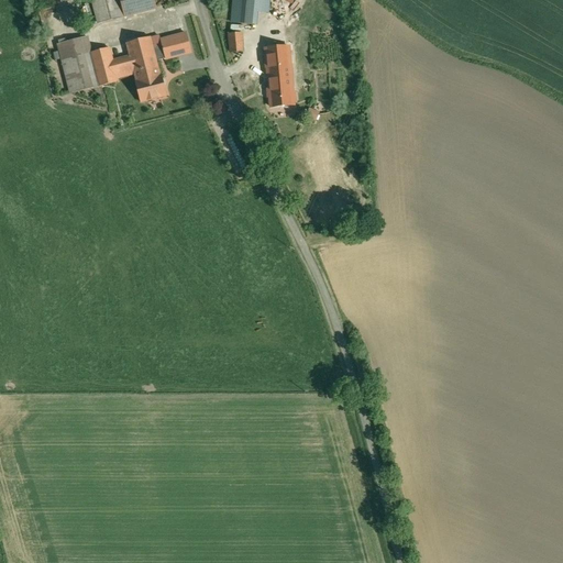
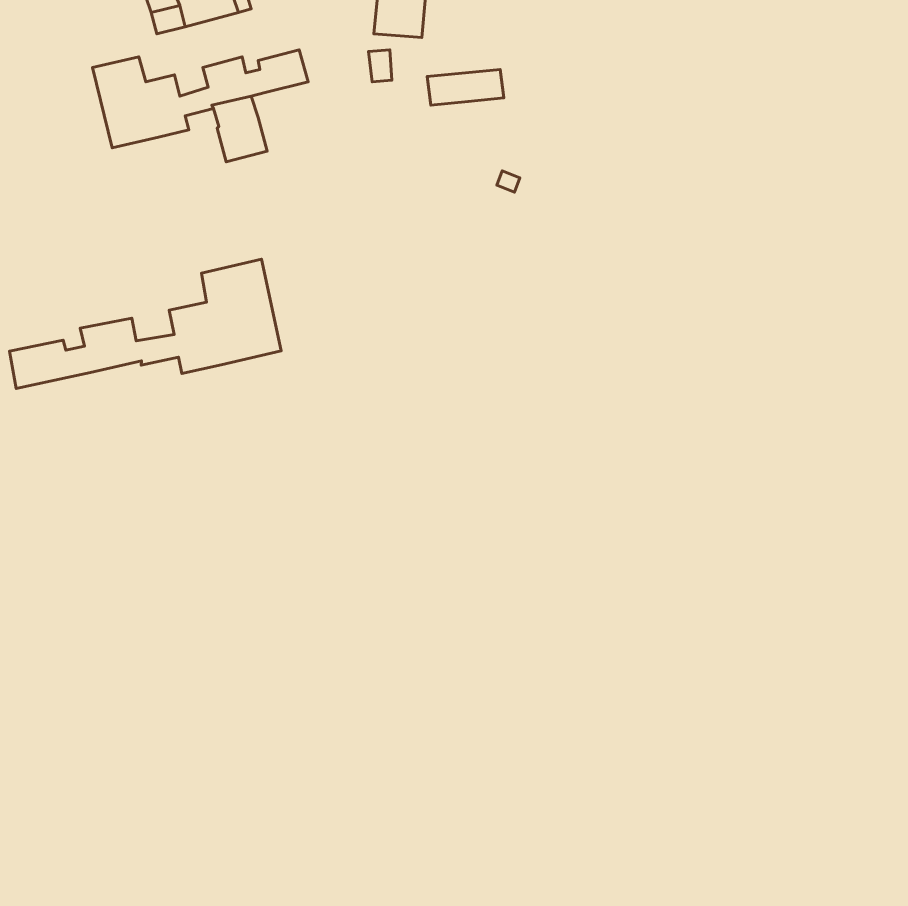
building: [266,63,292,104] -> none
building: none -> [9,259,281,389]

